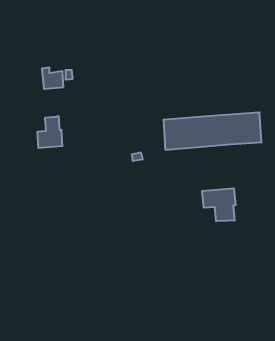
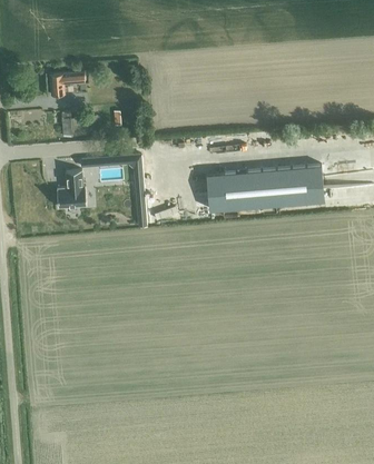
building: none -> [50,75,85,97]
building: [202,188,235,221] -> none

